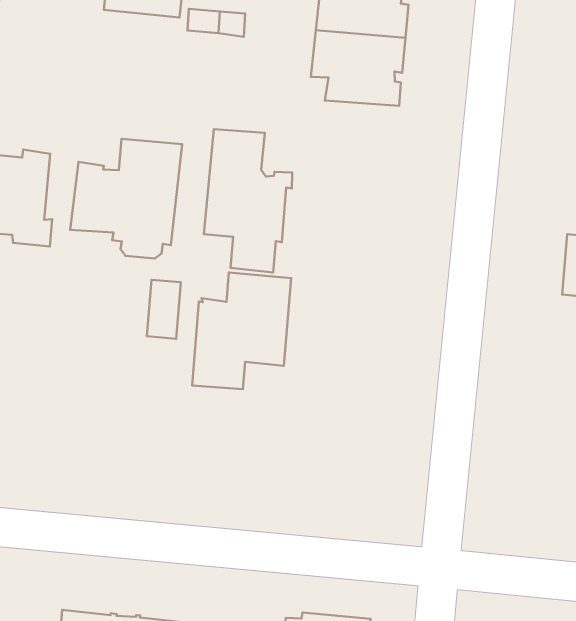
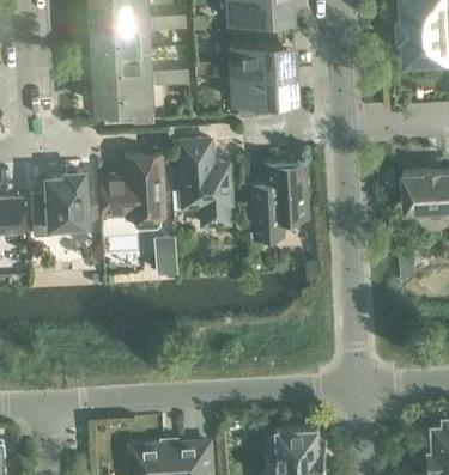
building: none -> [99,79,147,123]
building: [192,273,291,389] -> [248,165,305,239]

